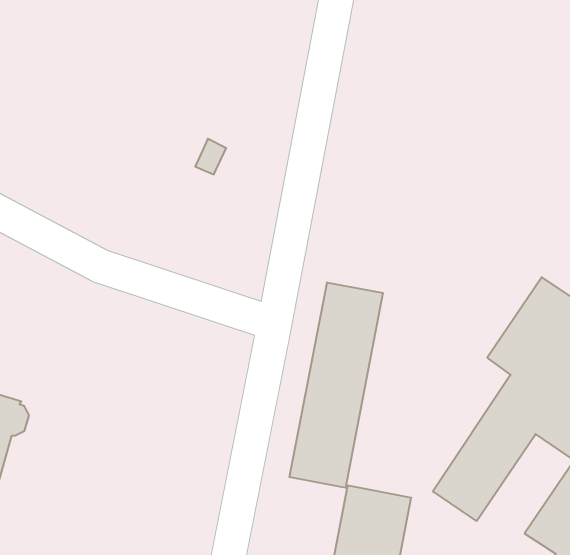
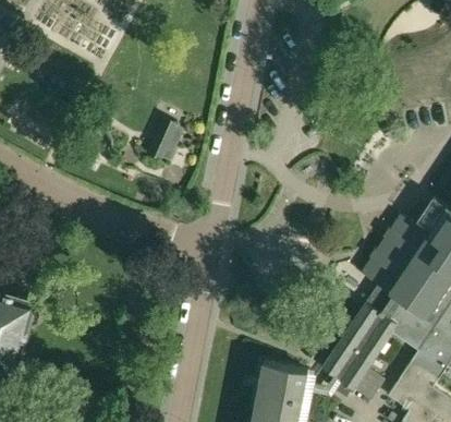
building: [290,282,383,488] -> none

